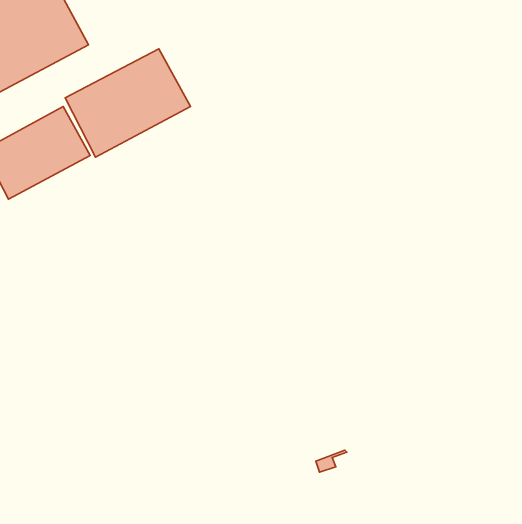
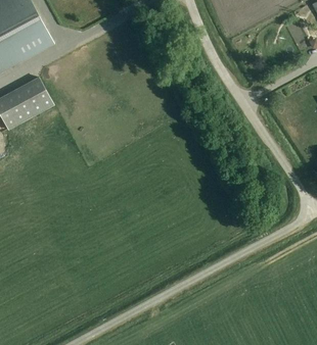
building: [65,49,190,157] -> none

